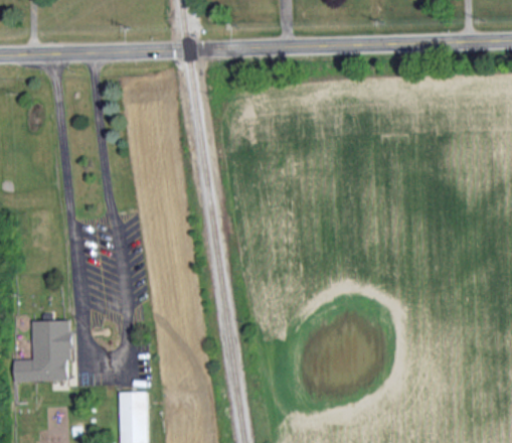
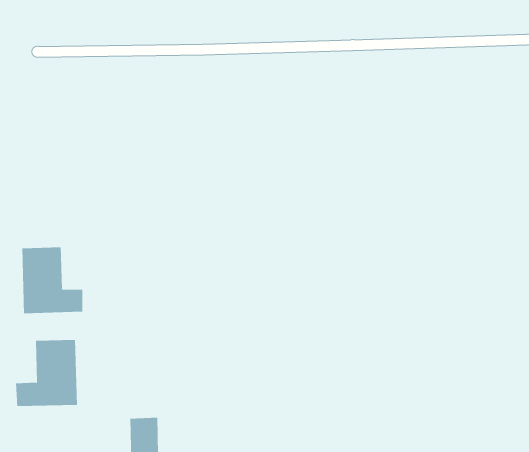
building: none -> [22,247,83,314]

